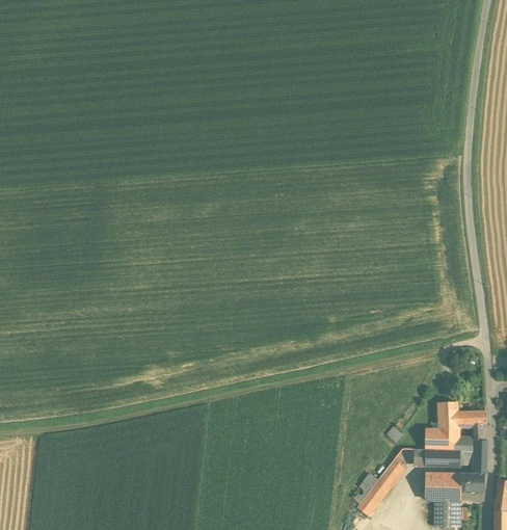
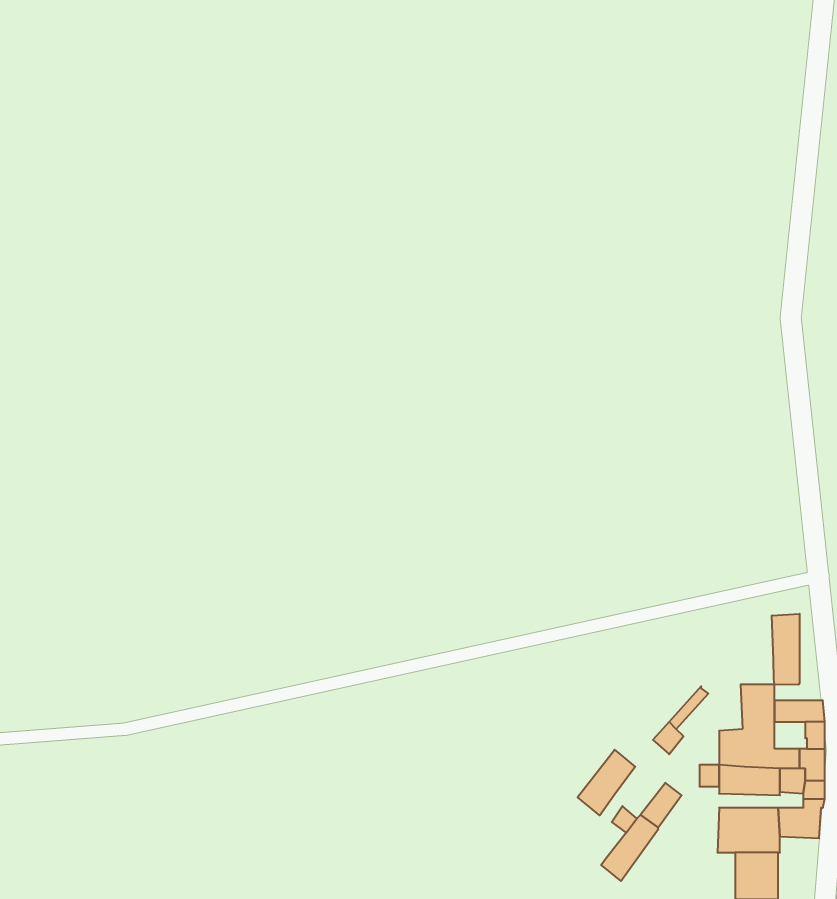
building: none -> [772,614,800,685]
building: none -> [578,750,635,815]

